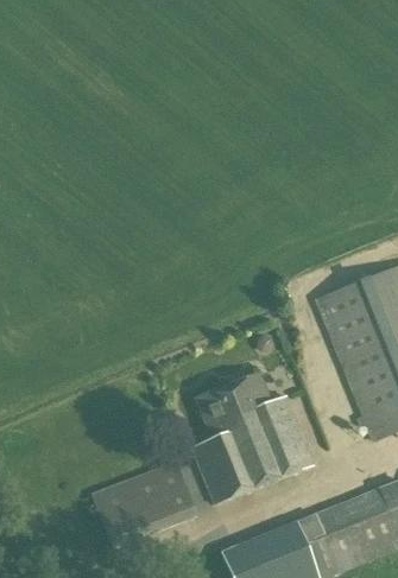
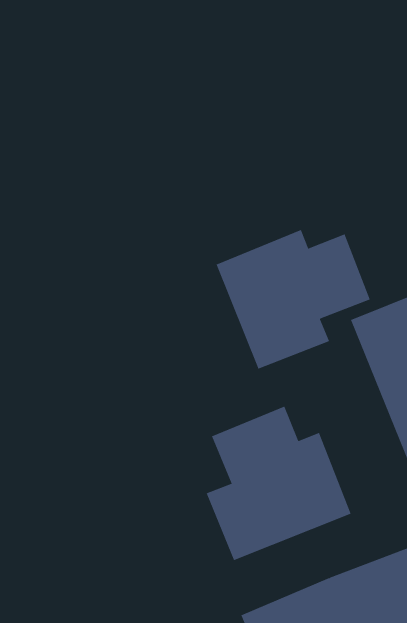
building: none -> [216,229,370,370]
building: [90,459,196,548] -> none

